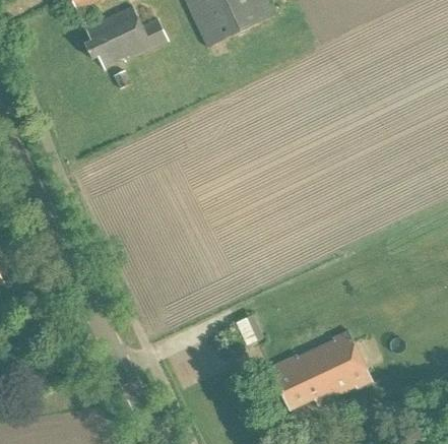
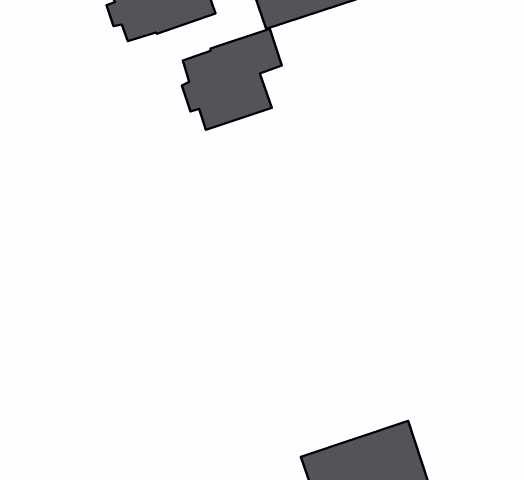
building: none -> [182,29,282,130]

